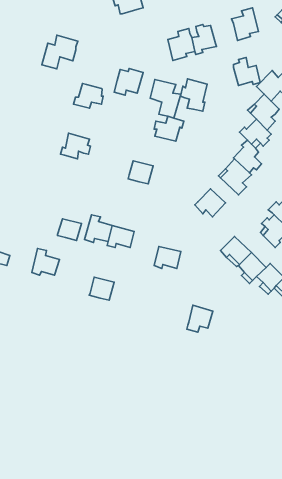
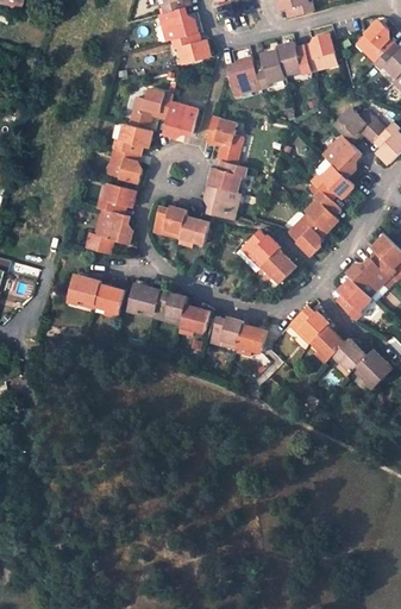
building: none -> [173,33,208,63]
building: [42,35,78,69] -> [130,88,173,128]
building: [233,58,260,85] -> [278,42,311,75]
building: [180,79,207,111] -> none
building: none -> [109,147,142,182]
building: none -> [206,184,237,220]
building: none -> [153,206,186,232]
building: none -> [86,208,132,253]
building: none -> [238,230,278,270]
building: [32,248,60,275] -> [68,271,101,303]
building: [89,277,114,300] -> [180,304,209,332]
building: [187,305,213,332] -> [236,324,267,356]

